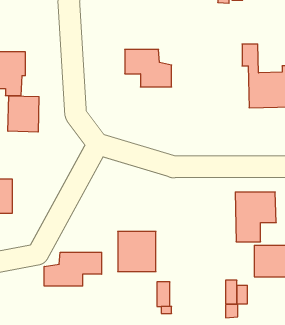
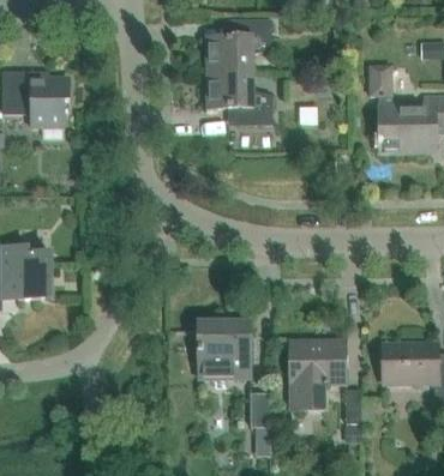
building: none -> [205,18,271,72]
building: [8,96,39,132] -> none
building: [235,192,276,242] -> [289,341,346,409]
building: [44,252,102,286] -> none

